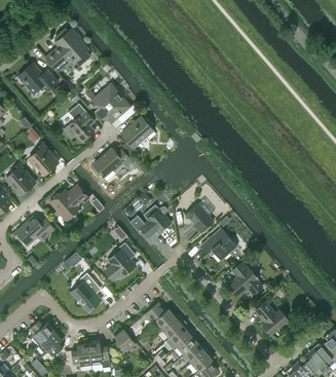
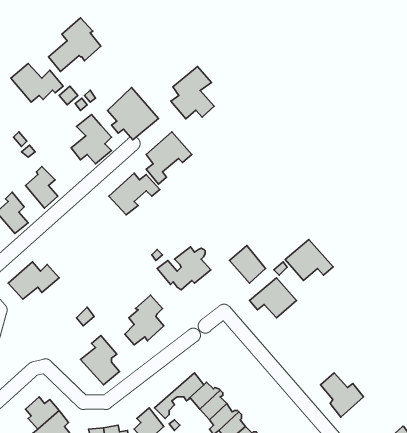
building: none -> [171,67,214,119]
building: [50,186,88,221] -> none
building: none -> [285,239,333,280]
building: [227,262,262,298] -> none

